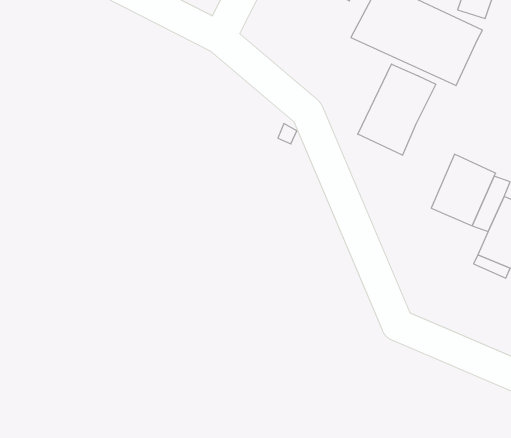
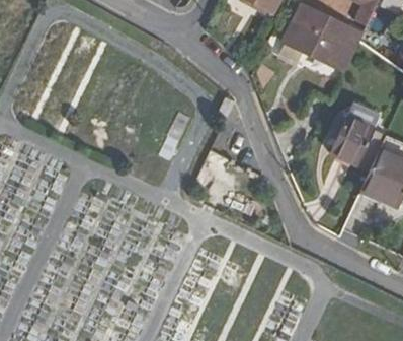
building: [358,64,436,155] -> none

